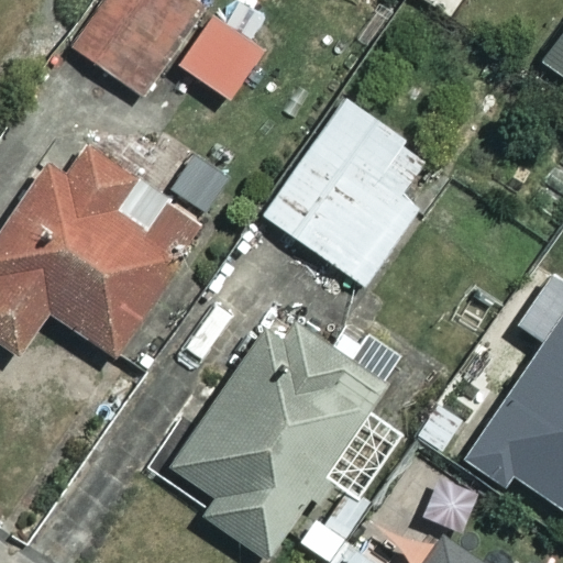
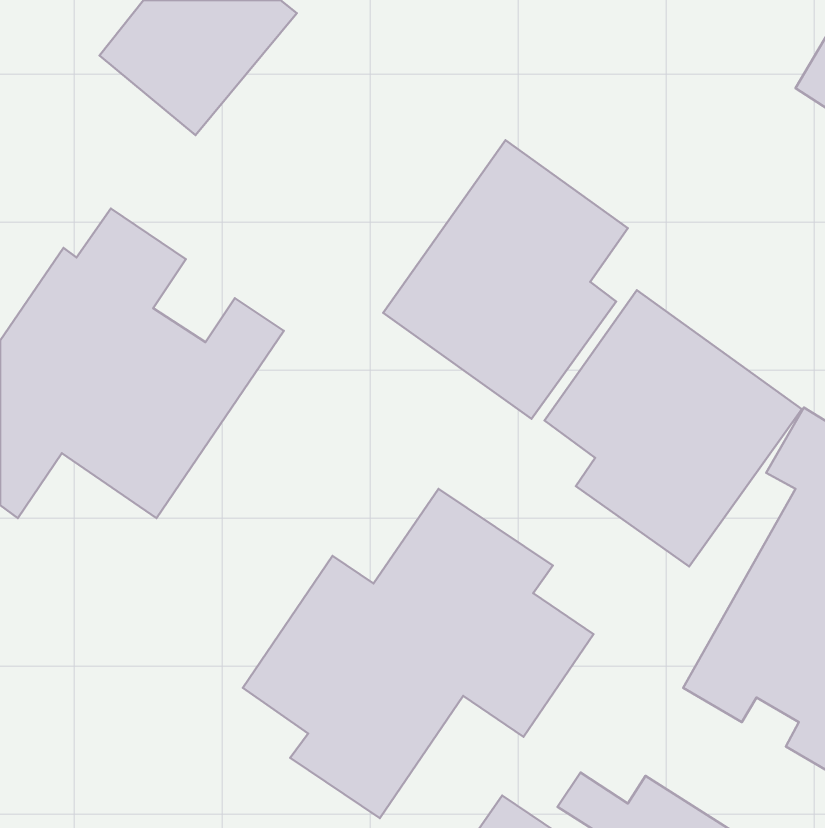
building: none -> [544,290,802,566]

